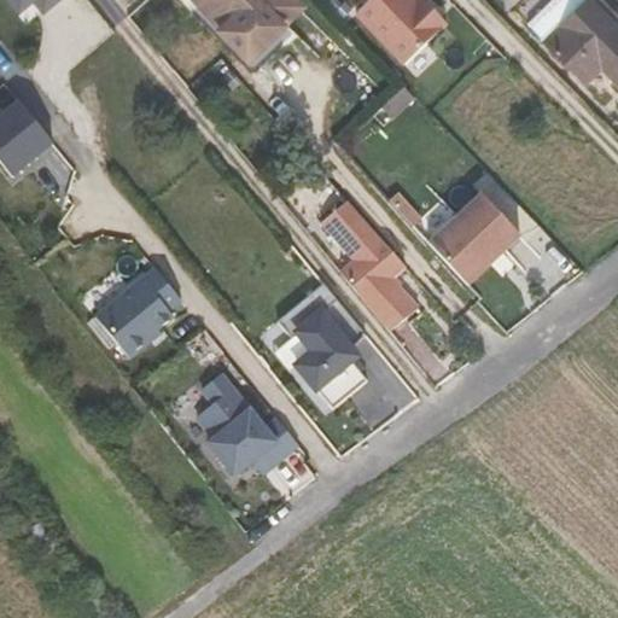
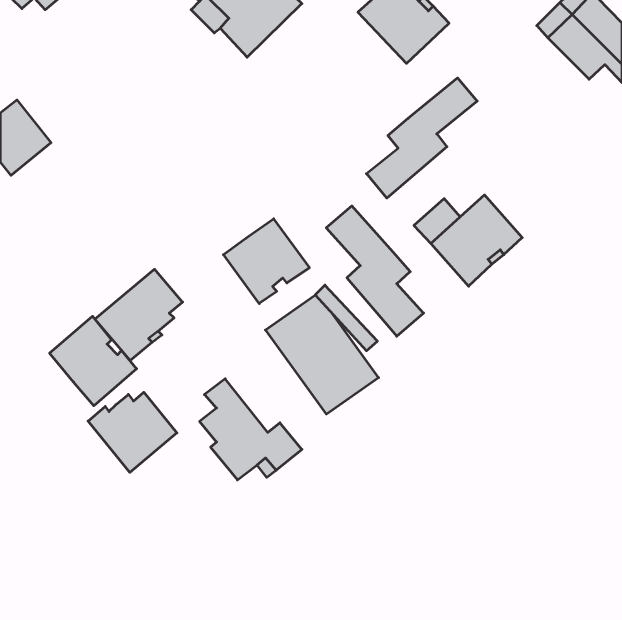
building: none -> [366,78,477,198]
building: none -> [223,219,309,304]
building: none -> [50,316,137,406]
building: none -> [88,392,177,472]

